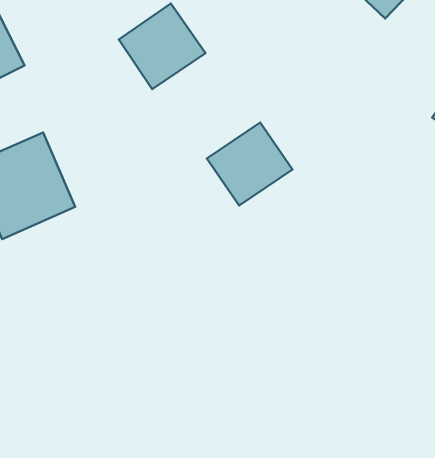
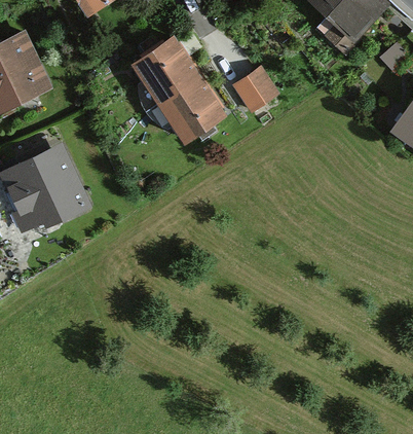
building: none -> [234,67,276,109]
building: [207,122,292,205] -> [154,78,225,147]

